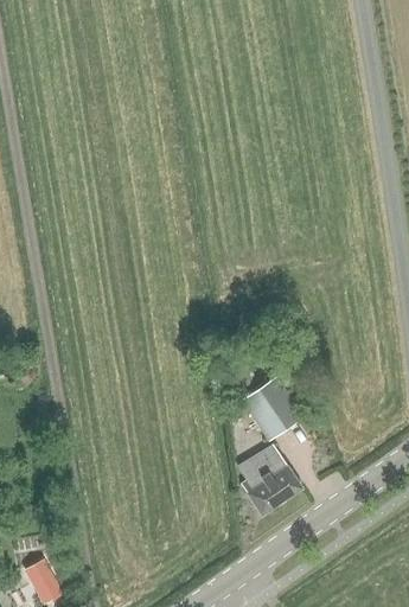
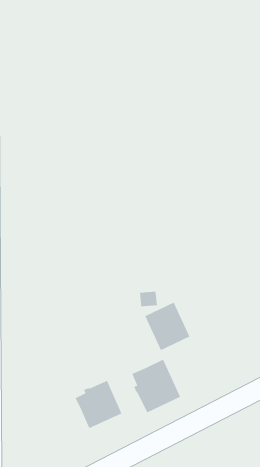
building: none -> [74,380,122,429]

